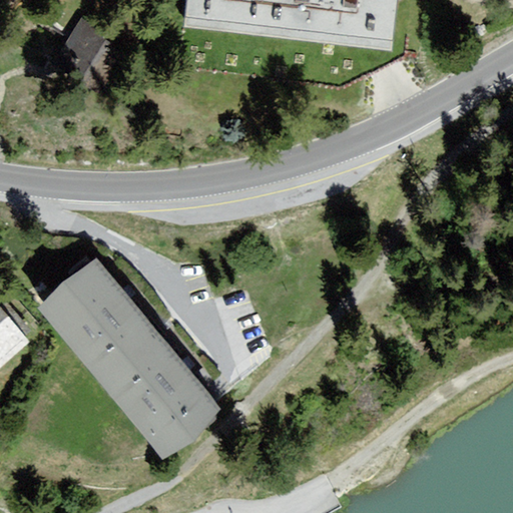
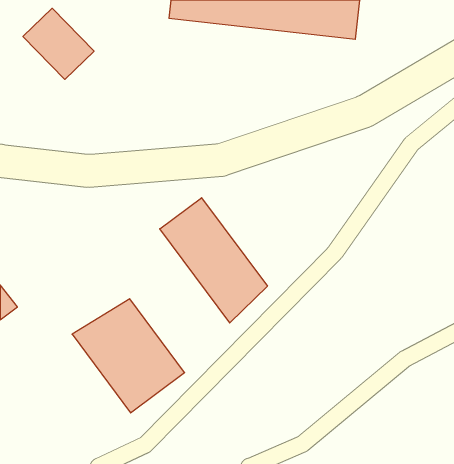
building: none -> [160,198,267,323]
building: [39,253,156,370] -> none

